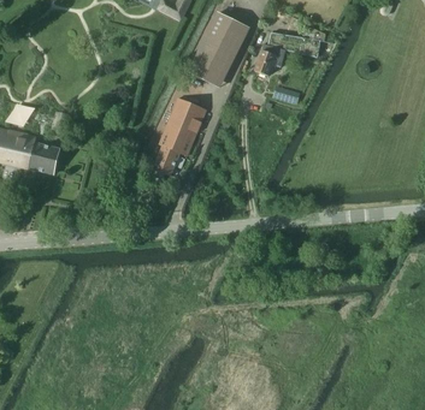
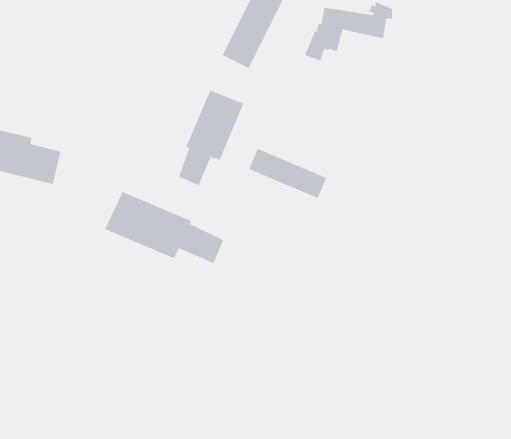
building: none -> [248,148,327,199]
building: none -> [105,191,224,264]

